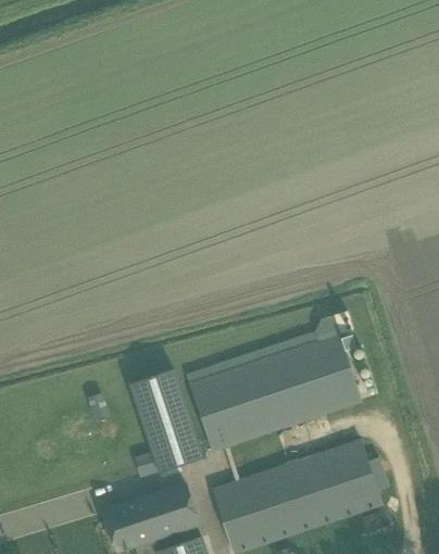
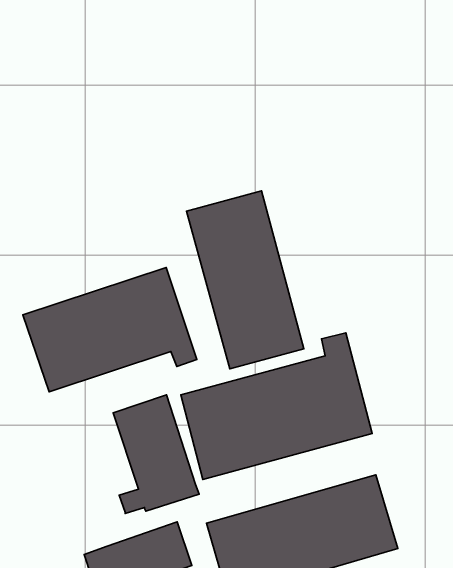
building: none -> [186,191,304,369]
building: none -> [23,268,197,392]

